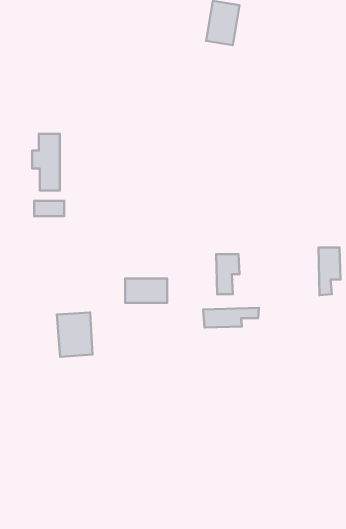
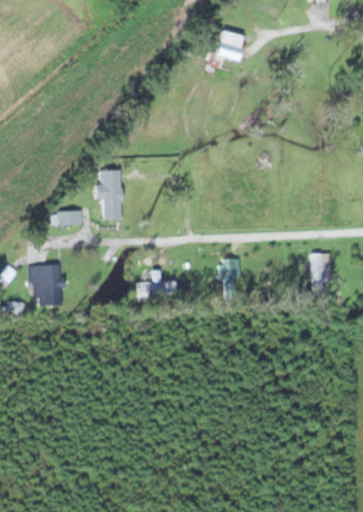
building: [32,134,60,191] -> [95,169,120,220]
building: [203,308,259,327] -> none
building: [57,312,92,357] -> [30,263,62,303]

